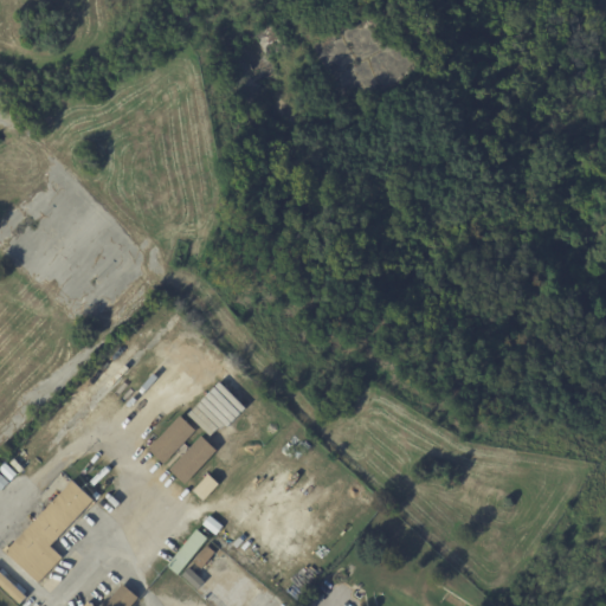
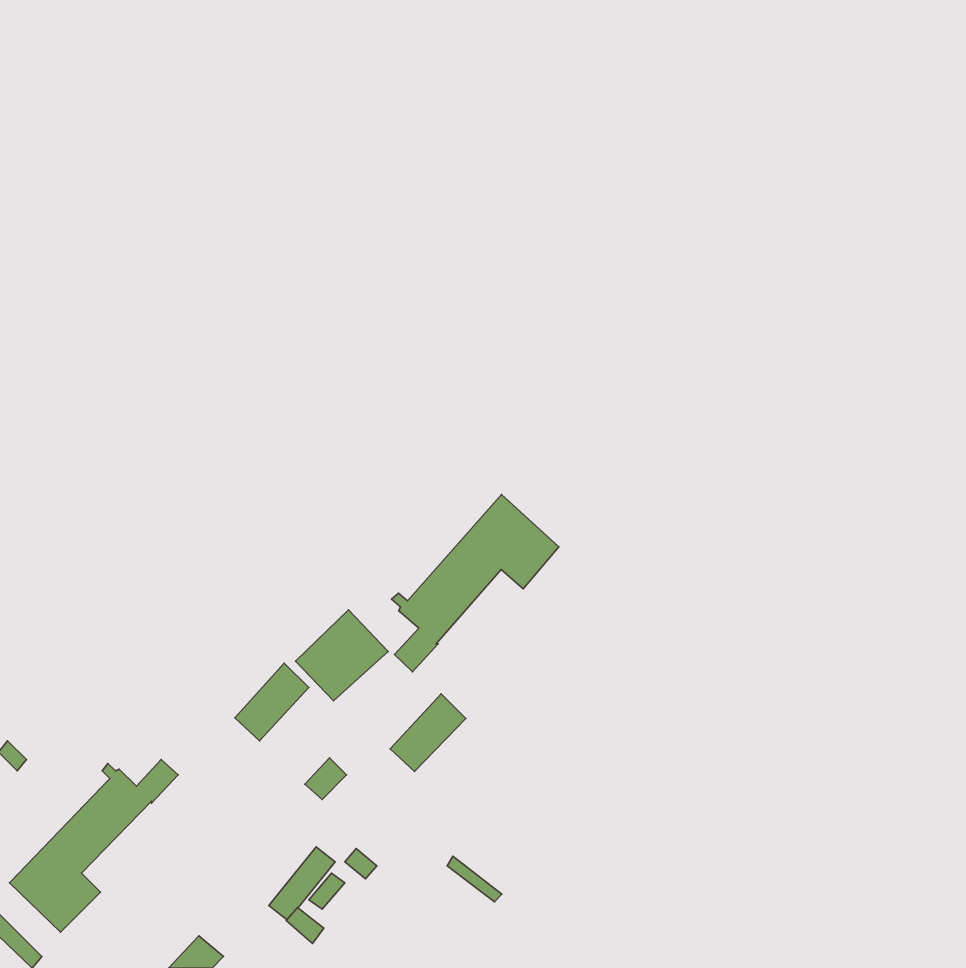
building: none -> [392,494,559,672]
building: [167,434,214,483] -> [390,694,466,772]

